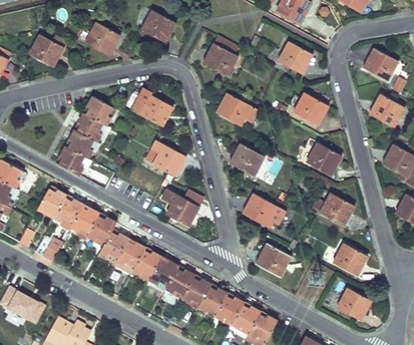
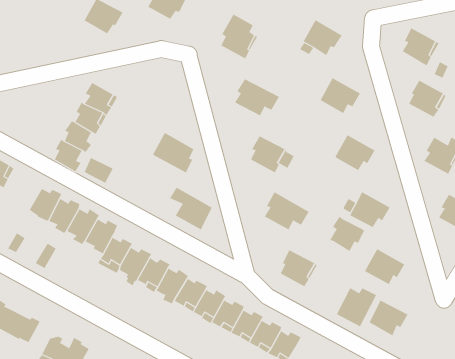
building: [29,33,63,65] -> none
building: [130,89,173,125] -> none
building: none -> [329,216,365,252]
building: none -> [336,287,377,327]

